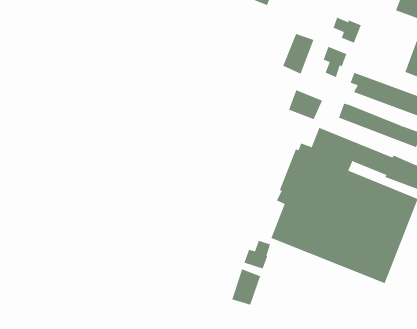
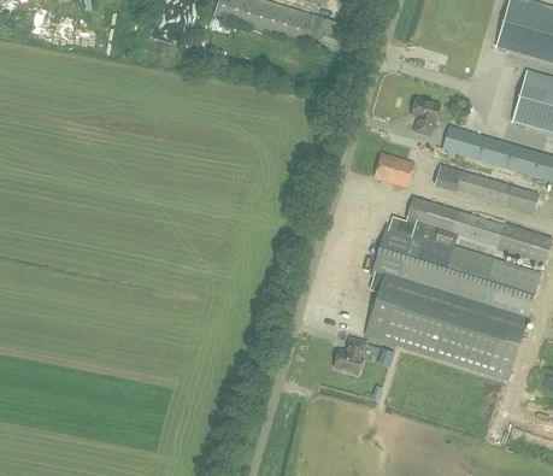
building: [333,17,361,43] -> none
building: [283,33,314,74] -> none
building: [232,269,261,305] -> none

